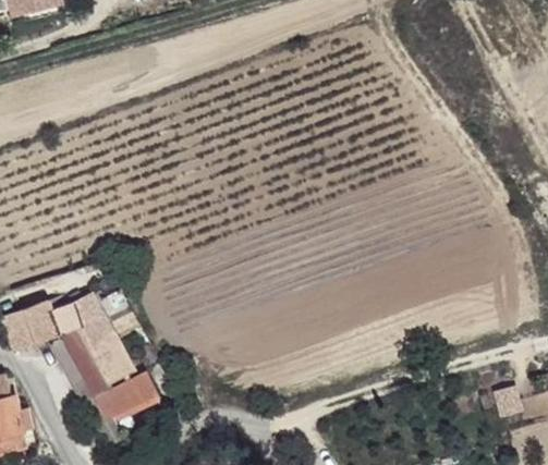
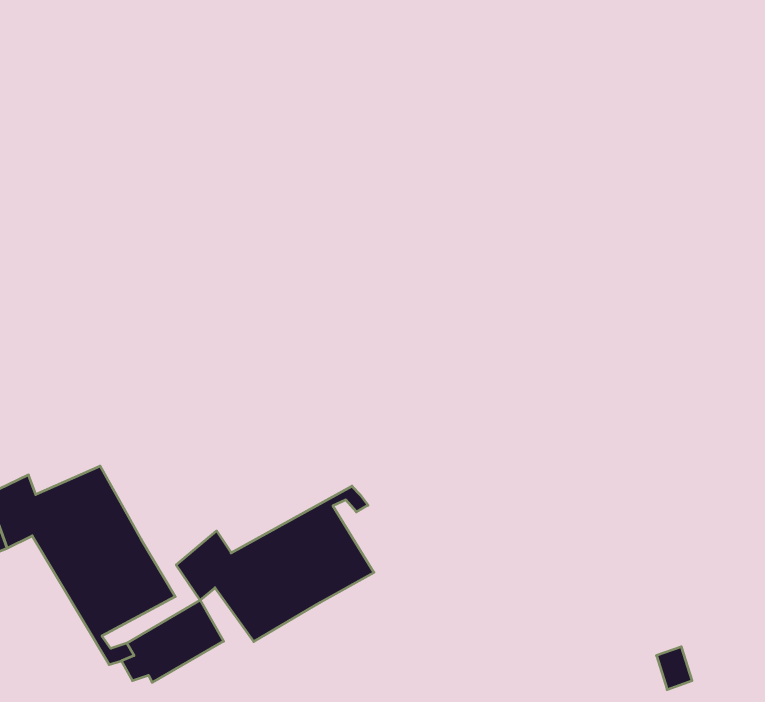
building: none -> [176,486,374,642]

